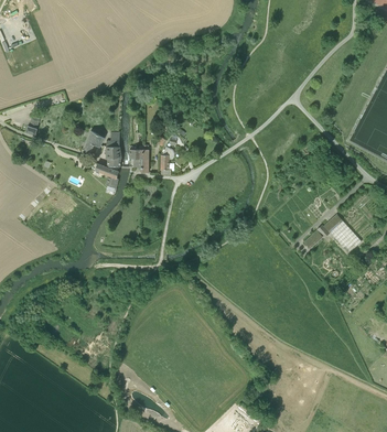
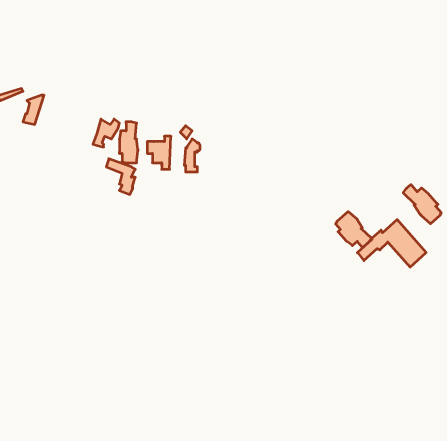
building: none -> [403,185,441,224]
building: none -> [336,212,372,248]

